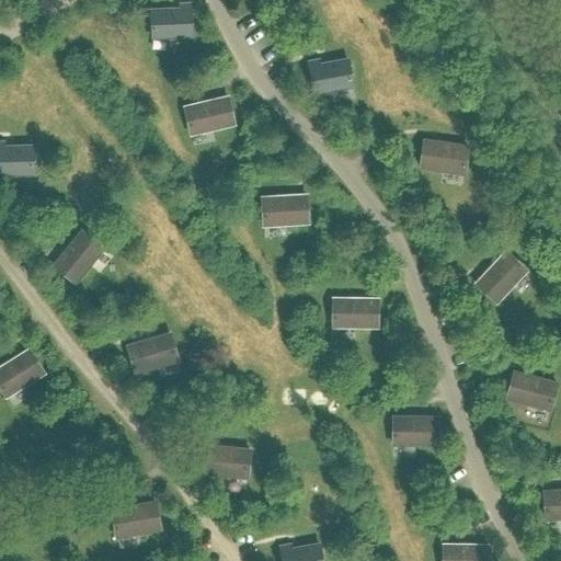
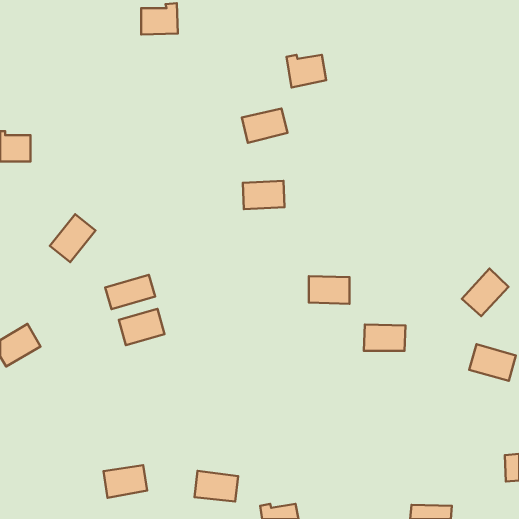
building: [184,98,233,135] -> [242,108,288,143]
building: [420,140,467,173] -> none
building: [476,251,526,302] -> [462,269,509,316]
building: none -> [105,275,155,309]
building: [392,416,437,445] -> [364,324,406,351]
building: [203,445,250,478] -> [195,471,238,501]

